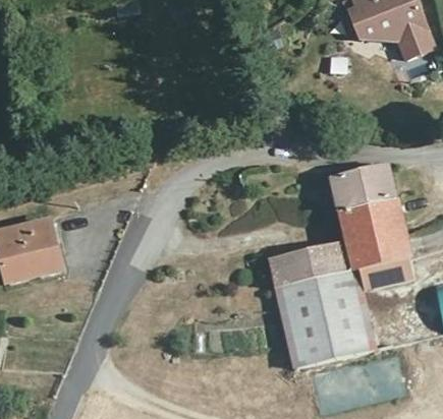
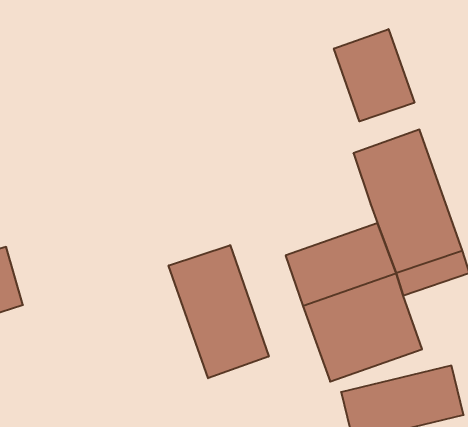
building: none -> [334,29,414,121]
building: none -> [169,245,269,378]

